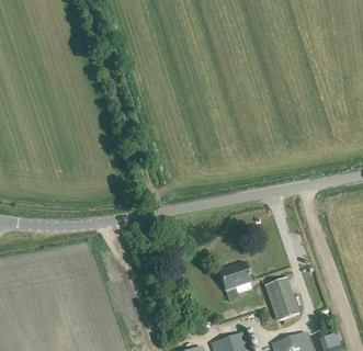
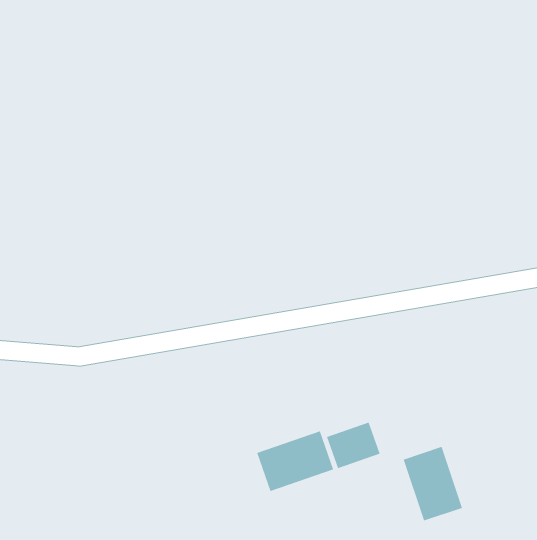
building: none -> [257,431,334,492]

